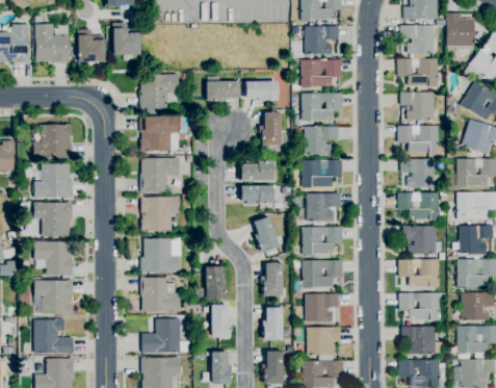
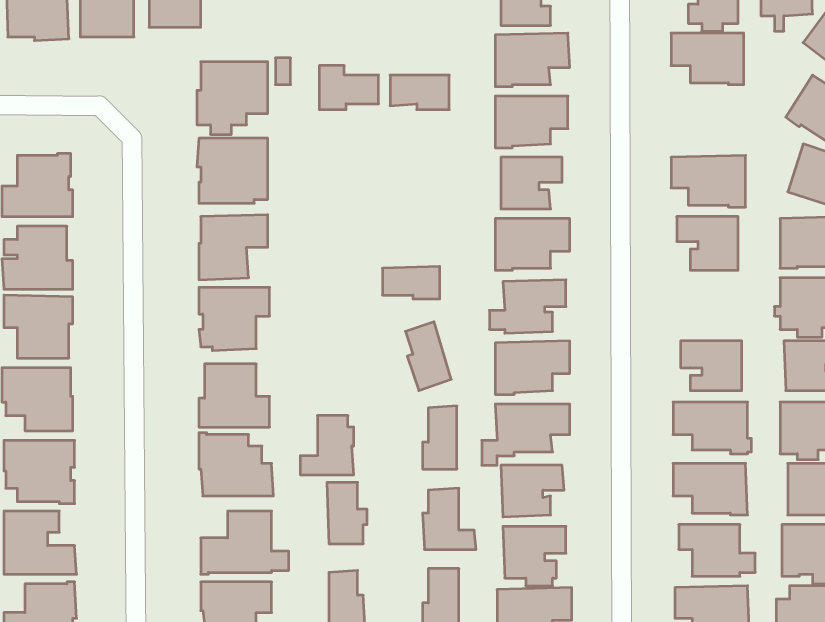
building: [399,93,434,121] -> none
building: [259,112,280,146] -> none
building: [239,161,277,181] -> none
building: [397,192,438,221] -> none

